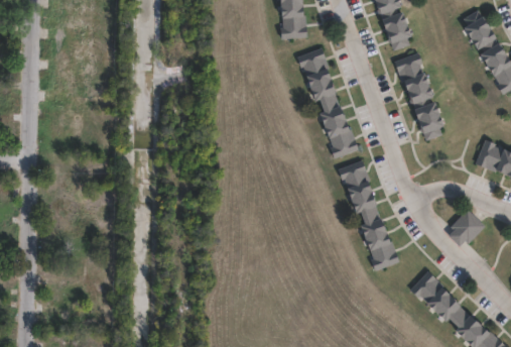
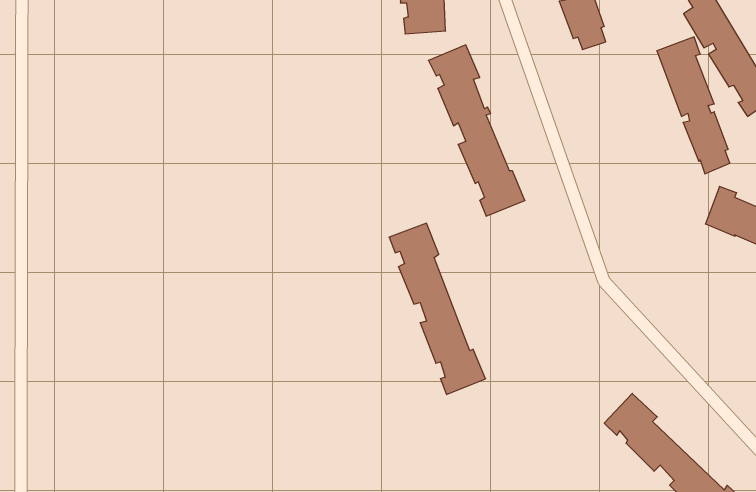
building: [395,51,442,140] -> [657,37,730,174]
building: [338,159,400,270] -> [389,223,486,394]
building: [449,208,486,245] -> none

